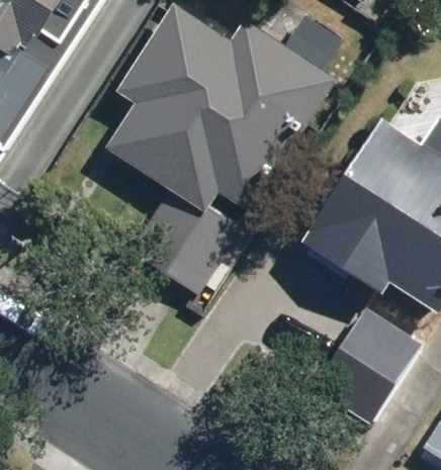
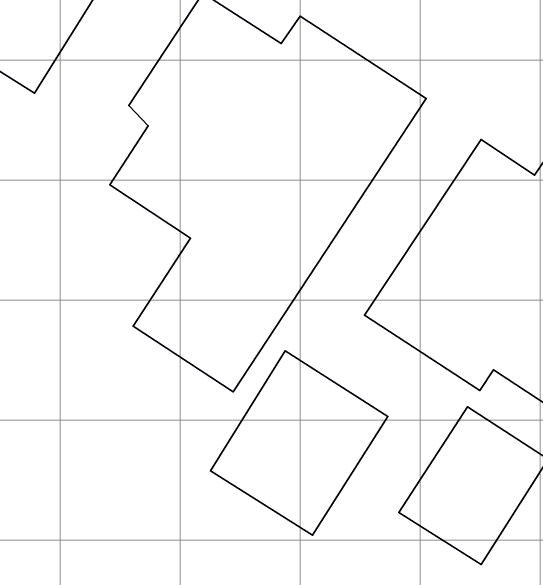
building: none -> [211,351,388,535]

